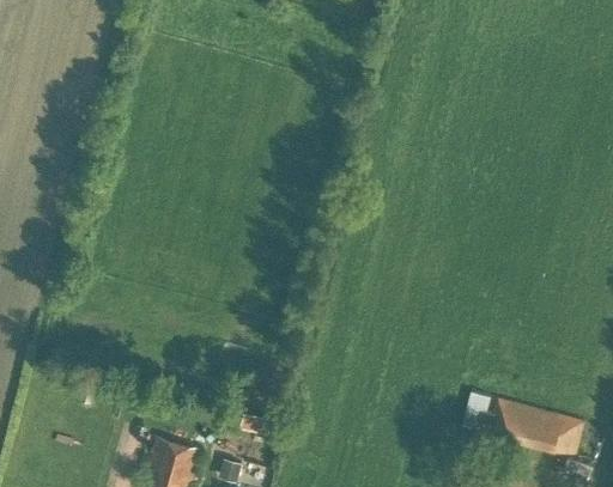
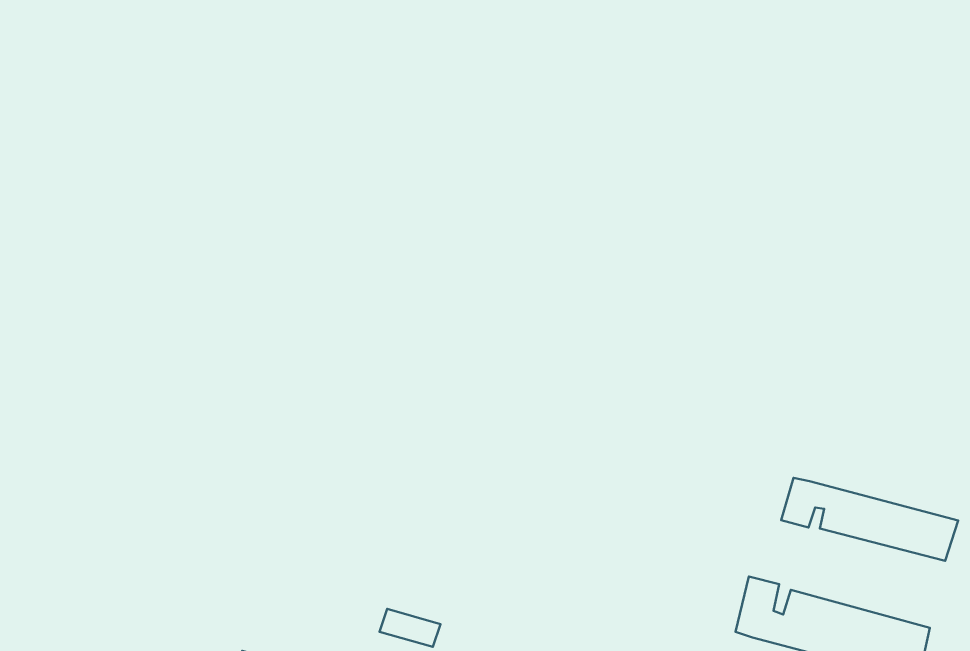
building: none -> [781,478,958,561]

